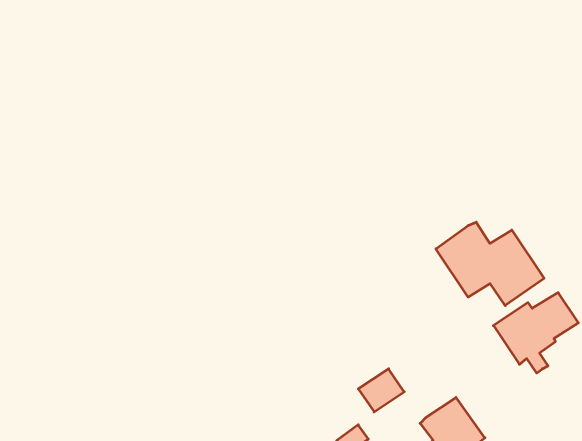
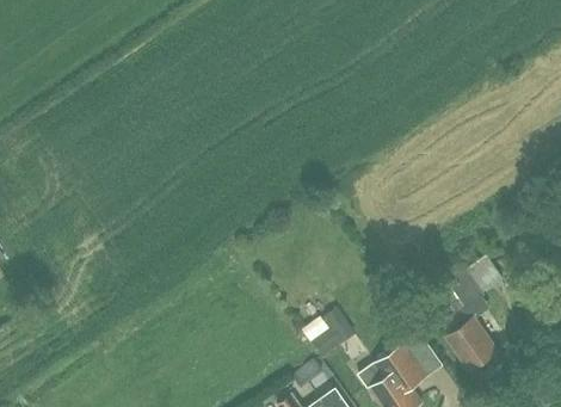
building: [436,222,544,306] -> none
building: none -> [438,309,498,370]

